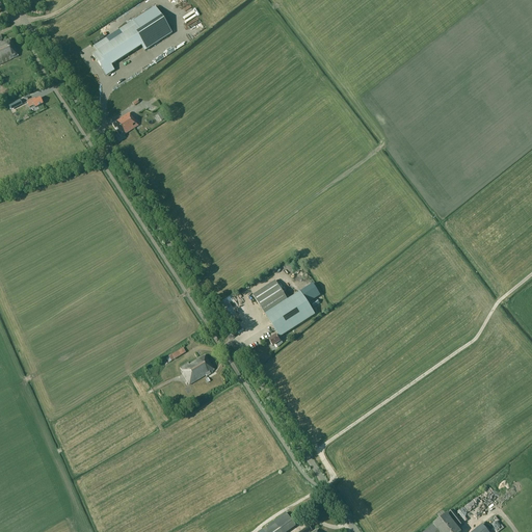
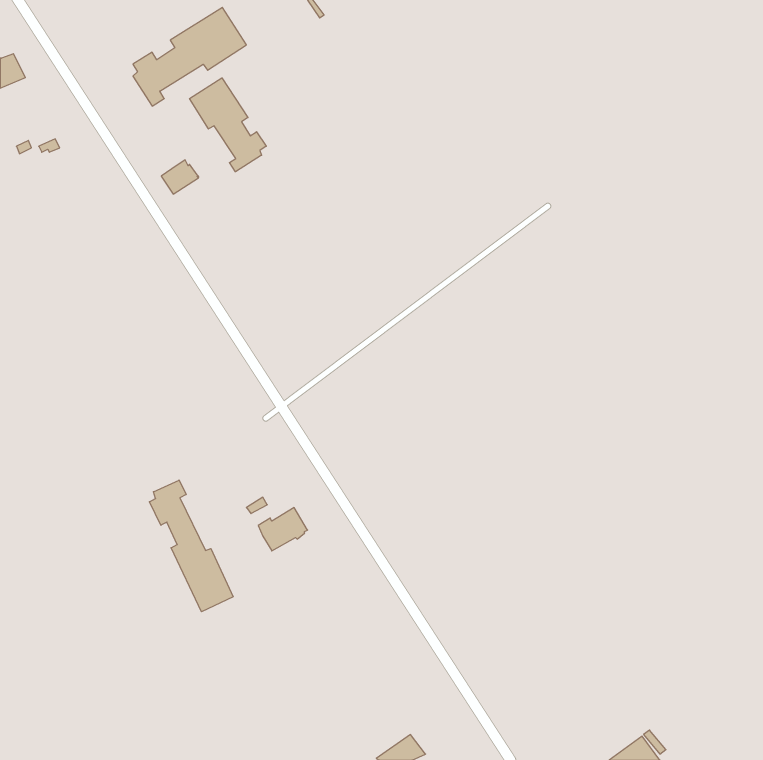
building: none -> [190,78,266,172]
building: [252,280,315,346] -> none
building: none -> [149,480,233,612]

